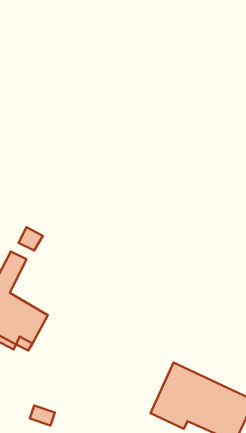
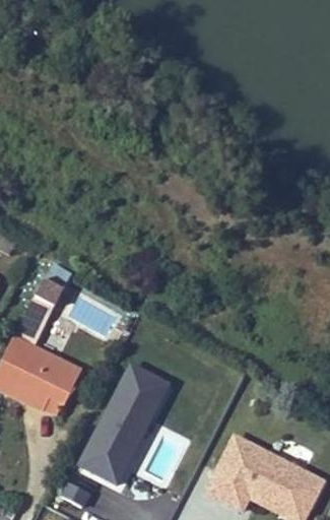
building: none -> [77,361,171,486]

